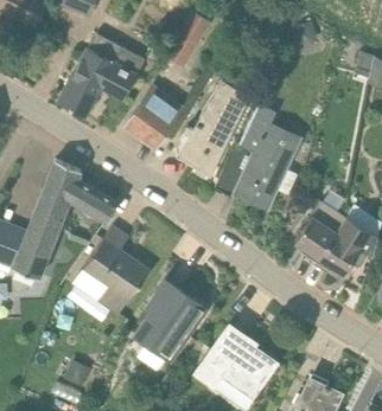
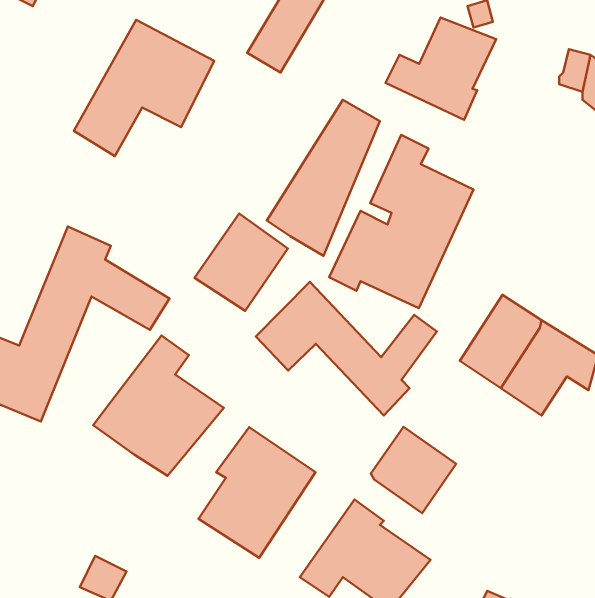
building: none -> [386,18,496,120]
building: [125,86,182,146] -> [194,213,288,311]
building: none -> [256,282,437,416]
building: none -> [371,427,456,513]

